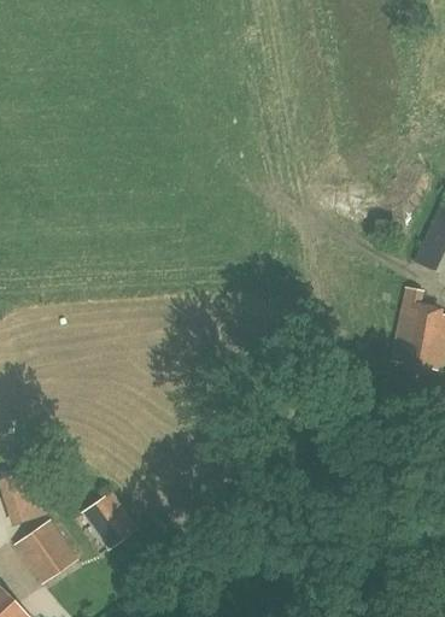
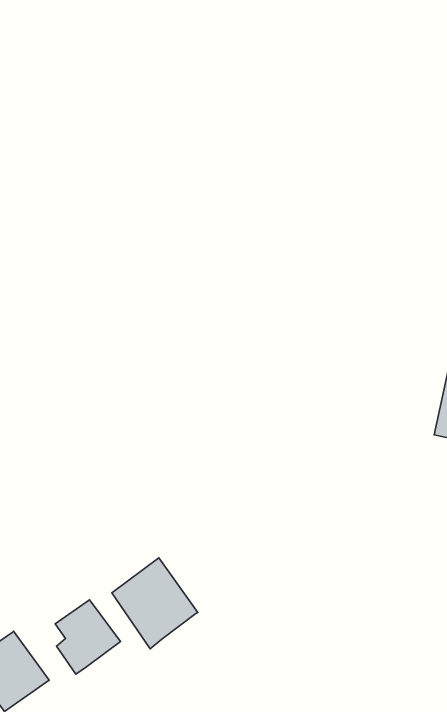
building: none -> [112,558,198,649]

